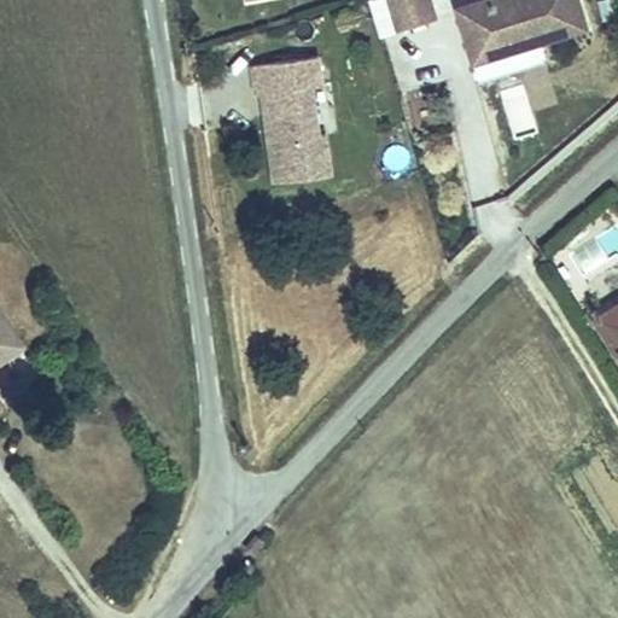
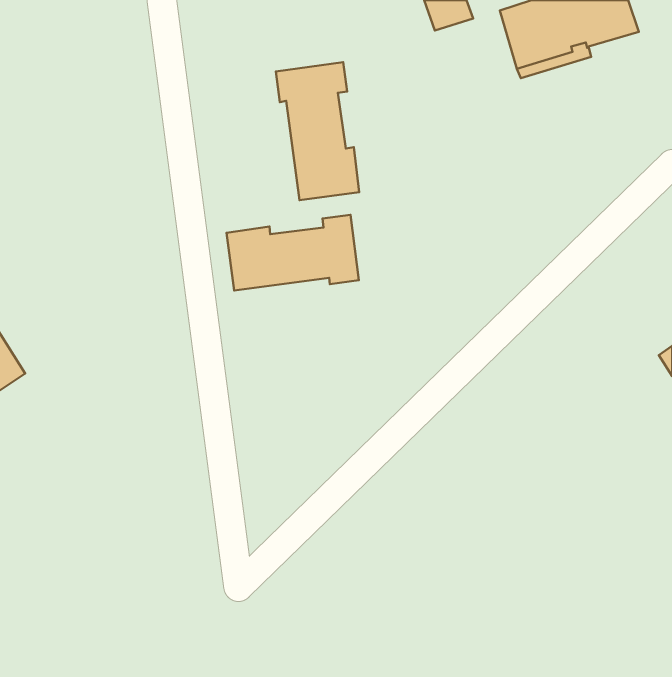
building: none -> [227,215,359,290]

